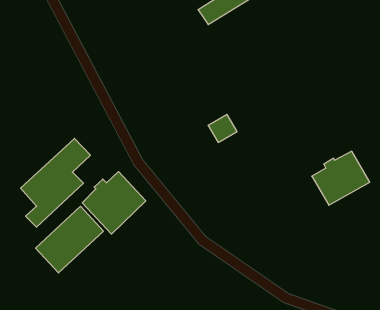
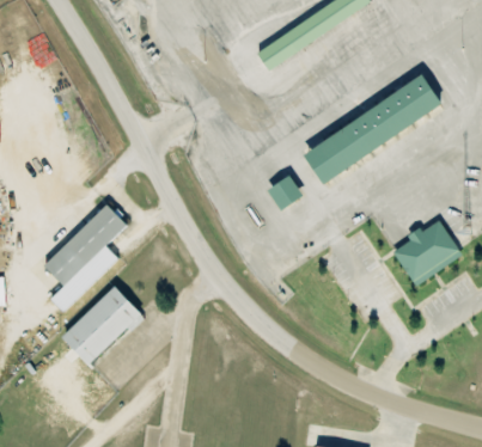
building: none -> [304,73,444,182]
building: [82,172,146,234] -> none

